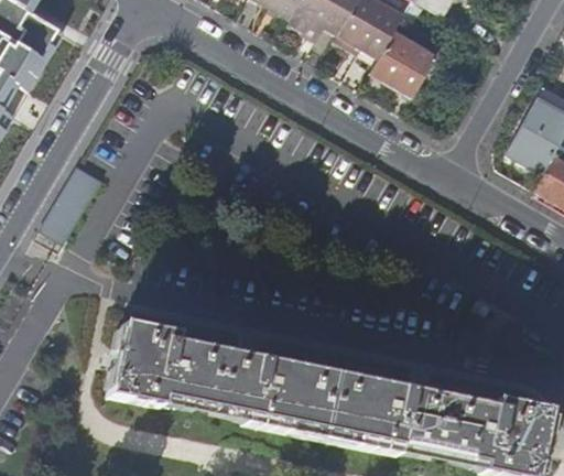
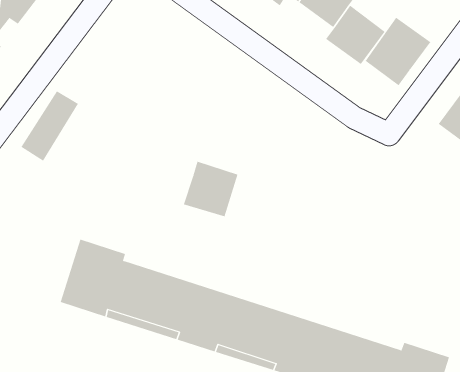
building: none -> [365,17,431,86]
building: none -> [183,161,238,217]

